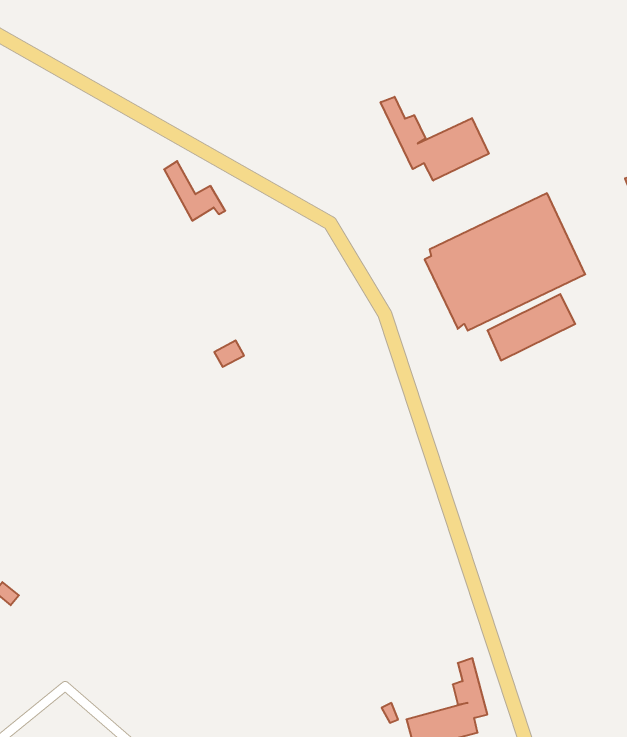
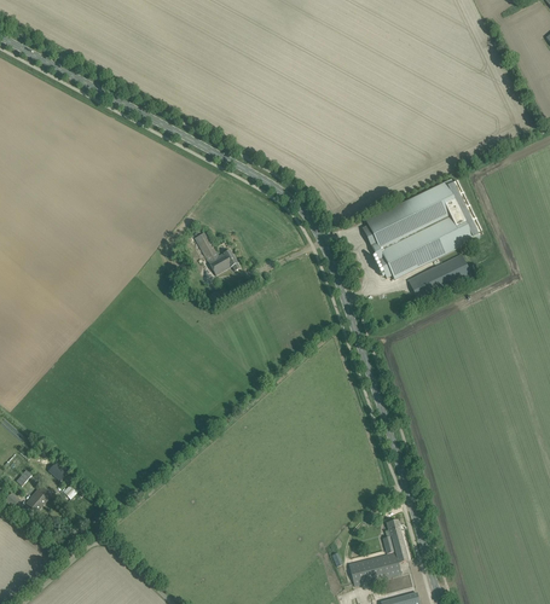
building: [381,97,489,181] -> none
building: [164,161,225,221] -> [195,231,239,274]

